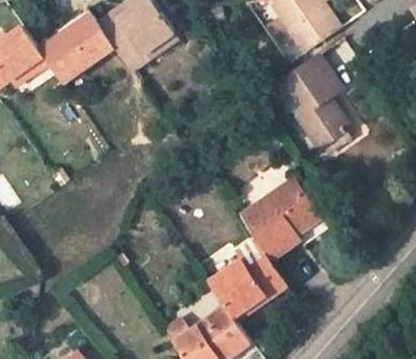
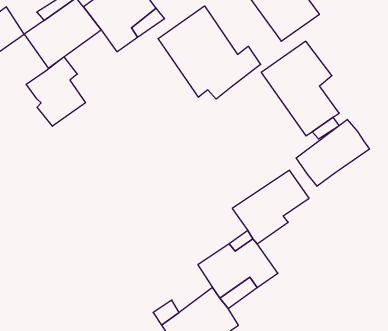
building: none -> [158,6,261,99]
building: none -> [26,57,85,126]
building: none -> [296,119,370,186]

